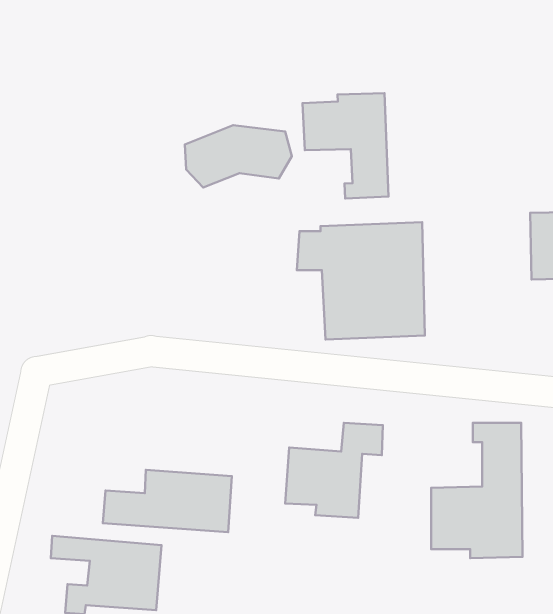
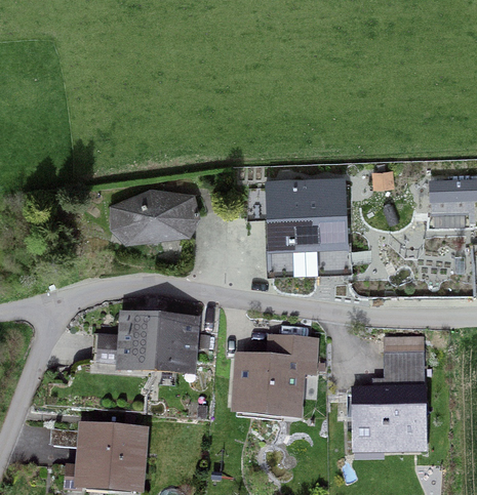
building: [303,93,389,199] -> none
building: [185,125,292,188] -> [114,192,198,241]
building: [103,470,232,532] -> [92,318,194,367]

